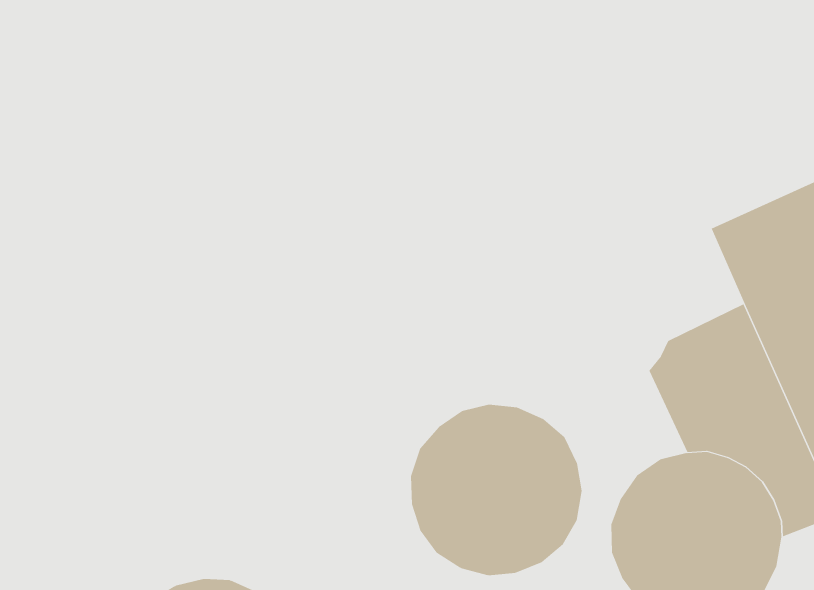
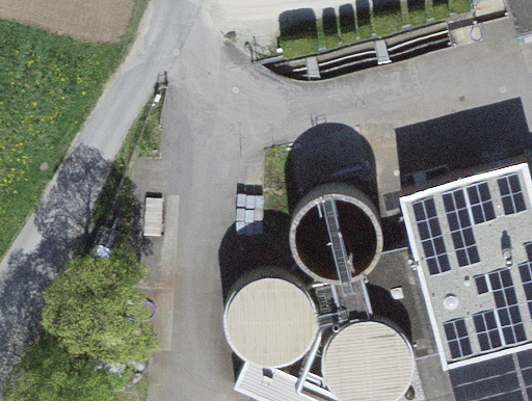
building: none -> [290,183,379,272]

